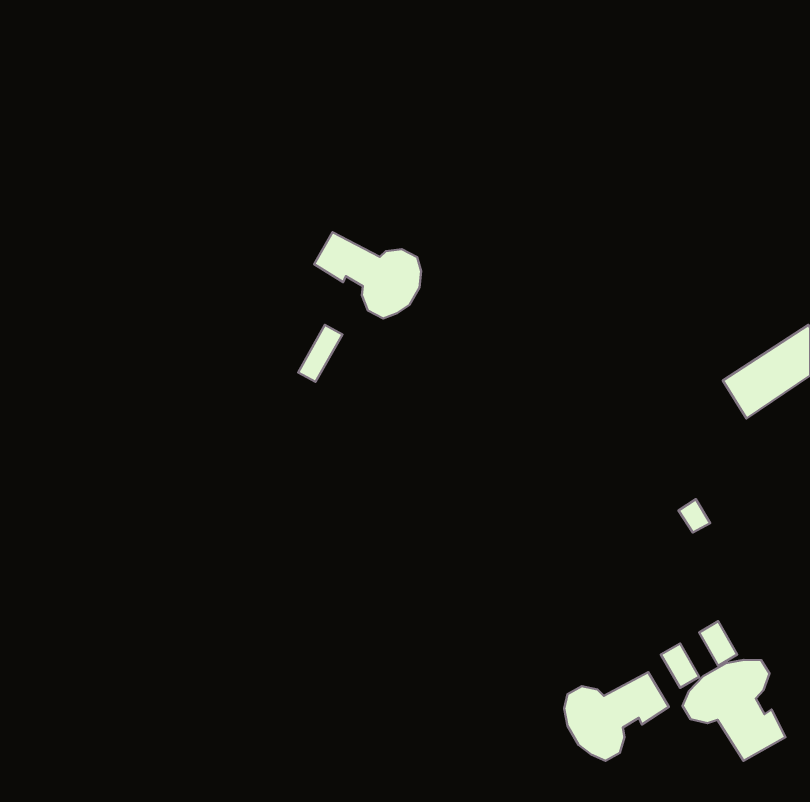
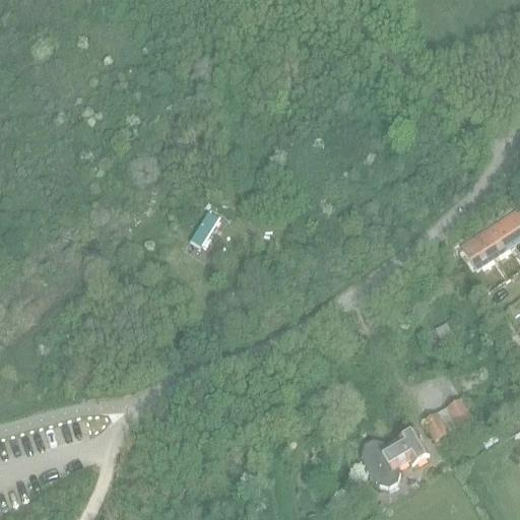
building: [314,232,421,319] -> none
building: [682,660,785,761] -> none

